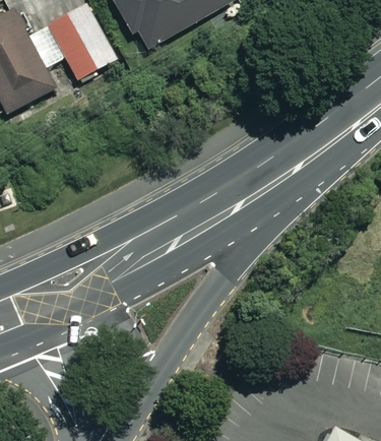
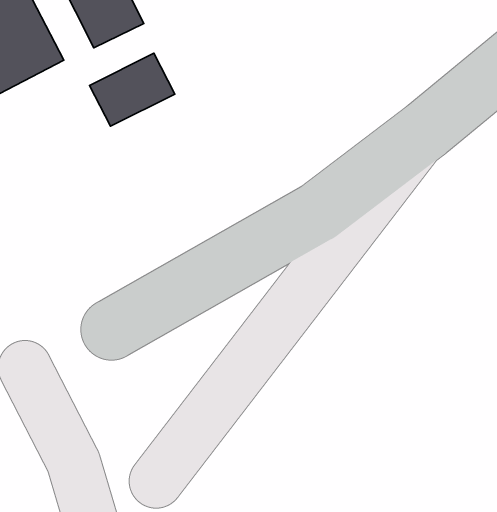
building: none -> [89,53,175,126]

